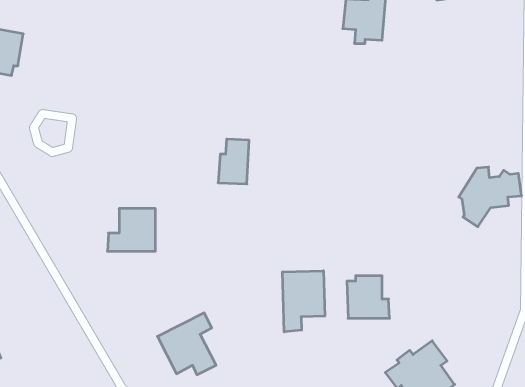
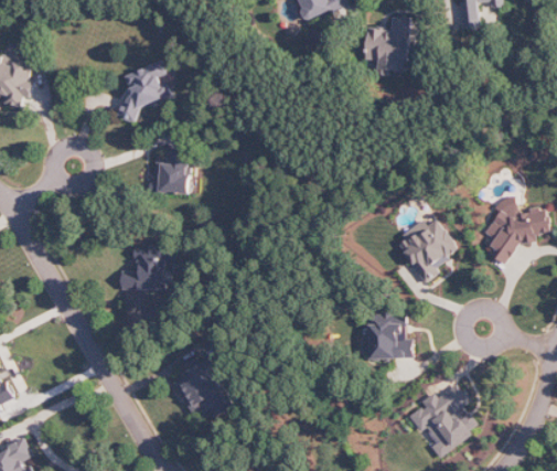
building: none -> [115,61,169,121]
building: [218,139,249,184] -> [157,148,189,194]
building: none -> [396,221,457,283]
building: [282,271,325,332] -> none

